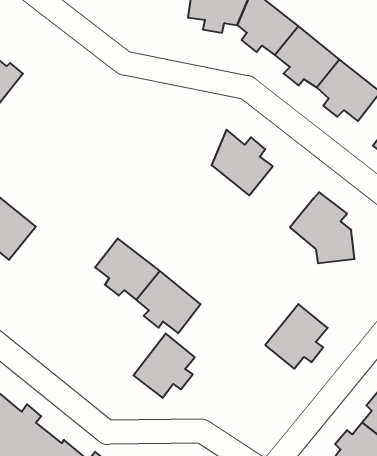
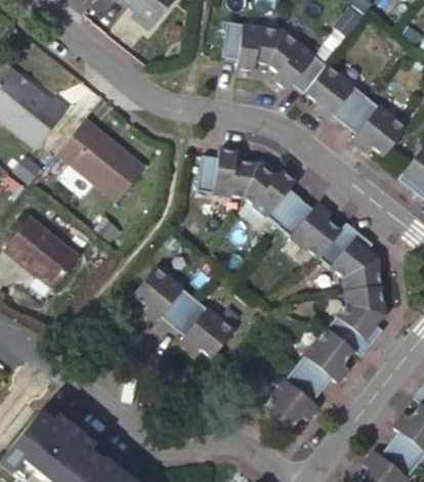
building: none -> [55,119,143,202]
building: none -> [198,148,258,196]
building: none -> [280,198,341,256]
building: none -> [327,286,384,356]
building: [133,333,195,398] -> [264,367,323,429]

